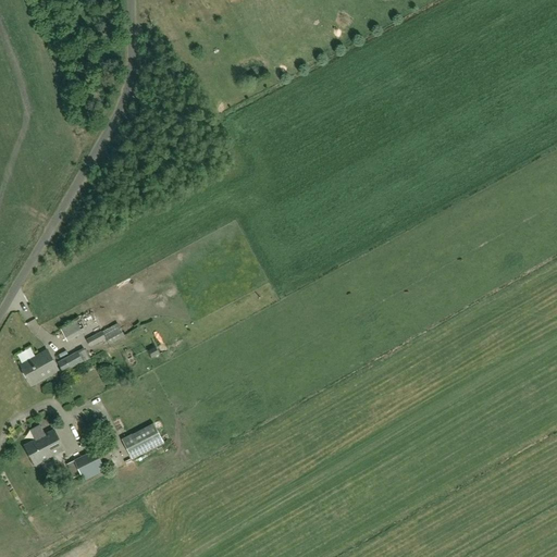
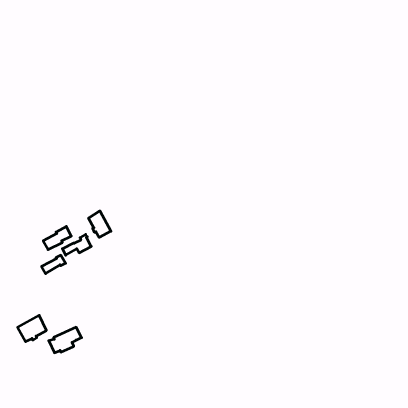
building: none -> [89,211,111,237]
building: [20,349,57,384] -> none
building: [121,422,162,458] -> none

